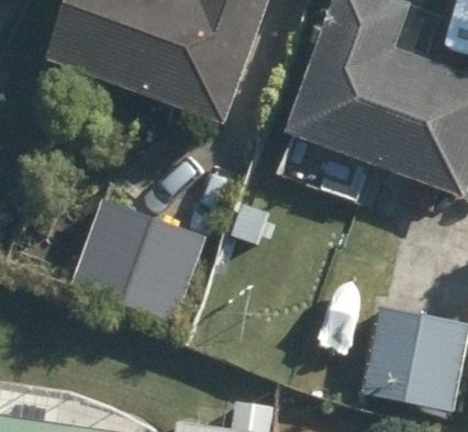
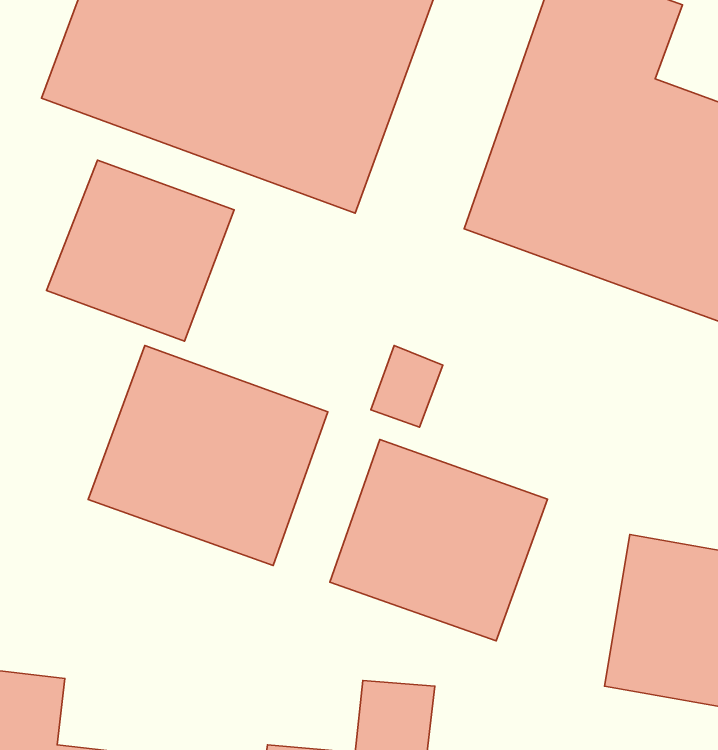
building: none -> [46,160,234,341]
building: none -> [330,439,547,641]

